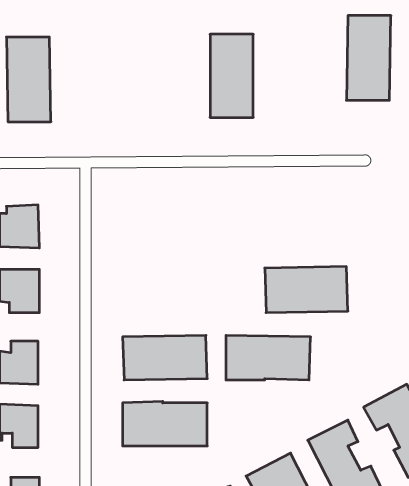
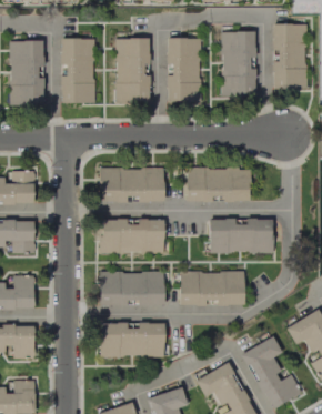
building: none -> [222,31,255,97]
building: none -> [61,38,94,103]
building: none -> [115,38,149,102]
building: none -> [99,168,164,202]
building: none -> [185,168,250,201]
building: none -> [100,219,164,253]

